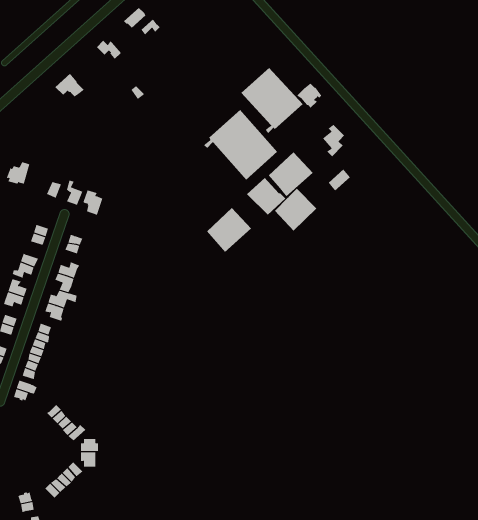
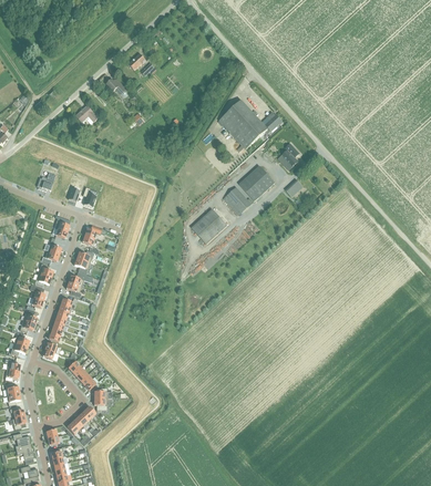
building: [203,109,278,180] -> none
building: [274,188,317,232] -> none

